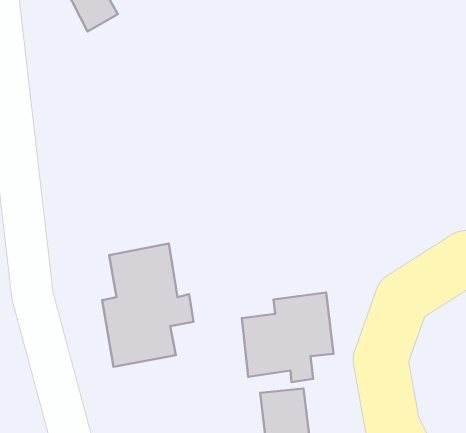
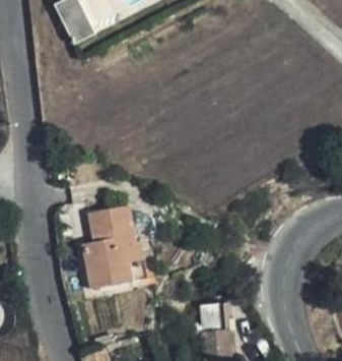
building: [242,293,334,382] -> none

